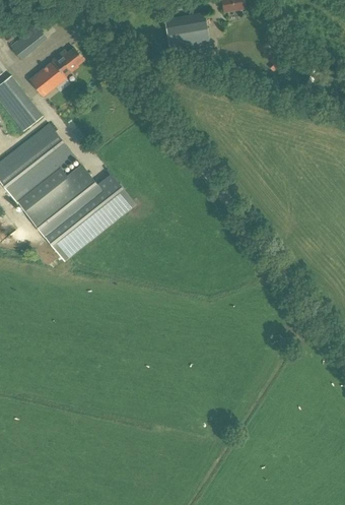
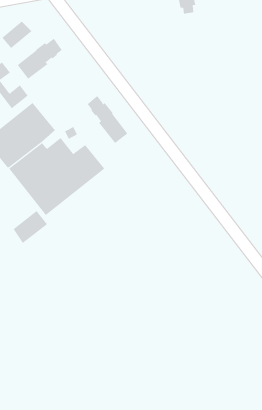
building: [165,12,211,55] -> none
building: none -> [87,95,128,144]
building: none -> [13,210,48,244]

